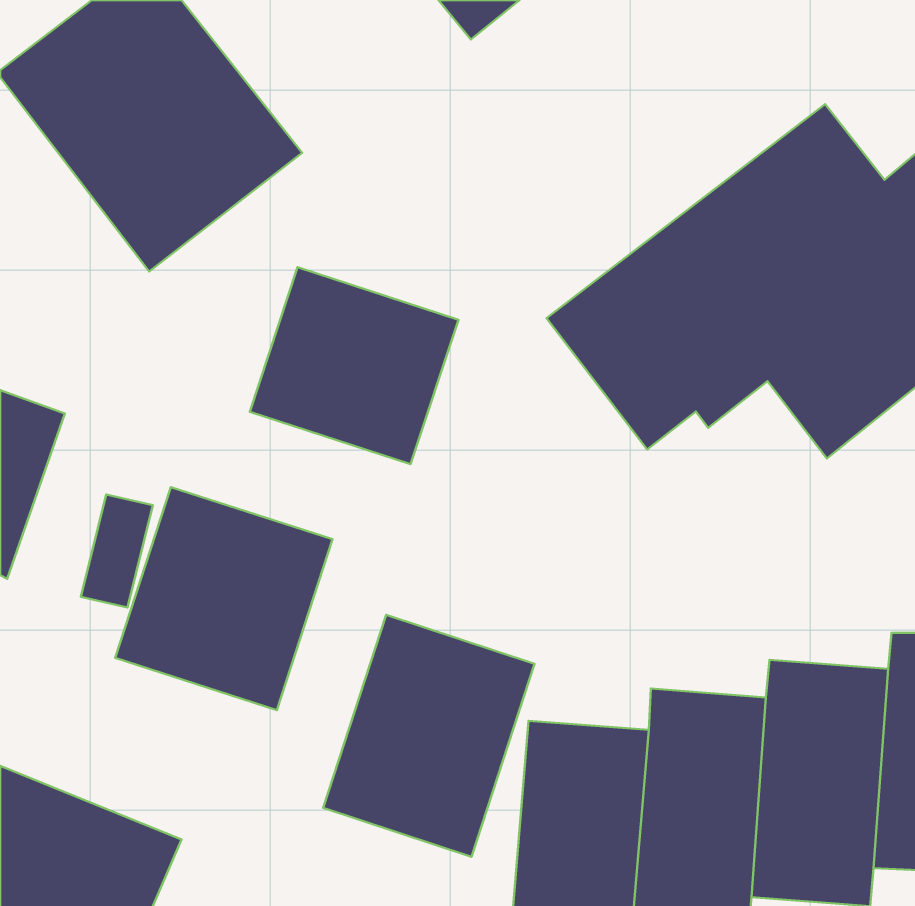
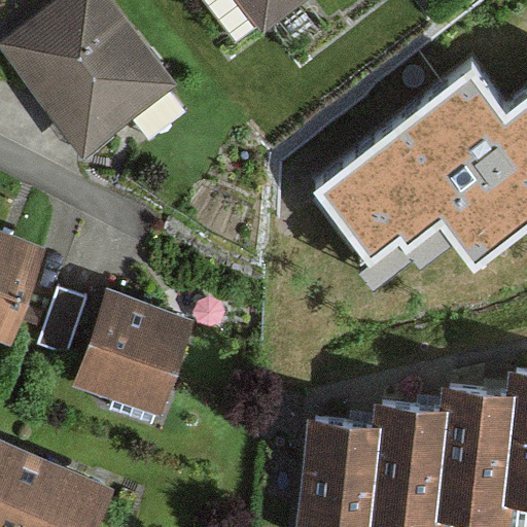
building: [250,267,458,464] -> none
building: [323,615,534,857] -> none

